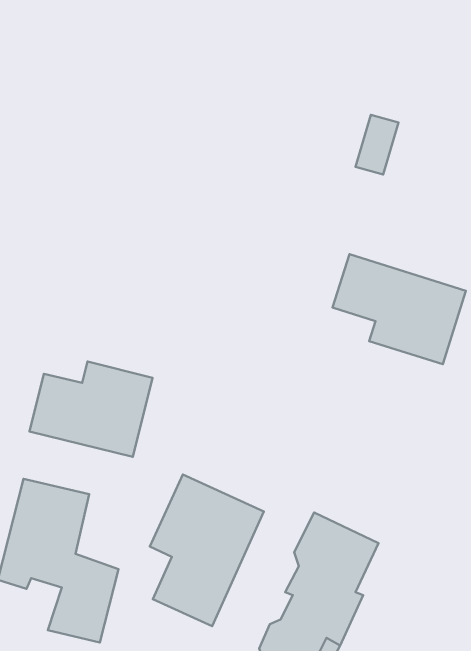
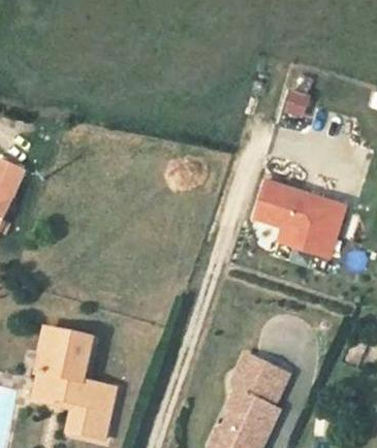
building: [30,362,153,457] -> none
building: [150,474,264,626] -> none

